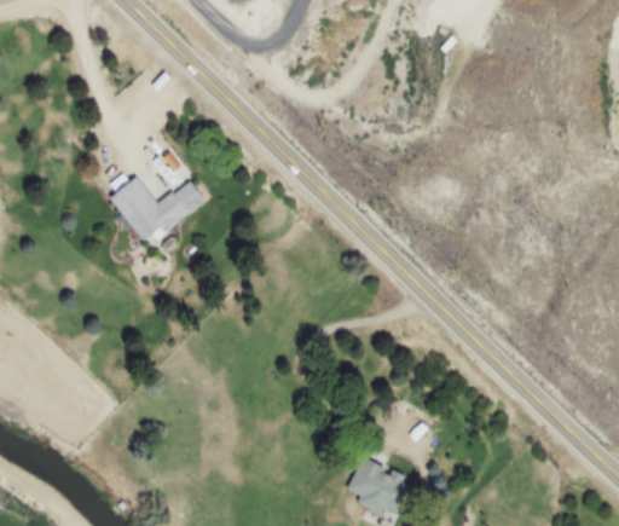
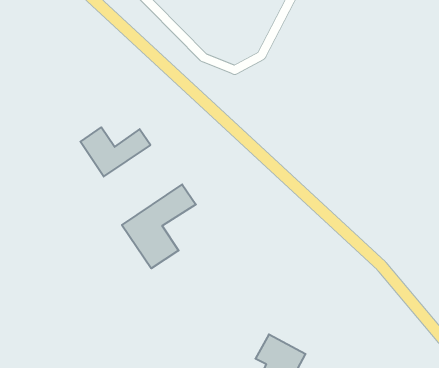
building: none -> [122,184,196,268]

